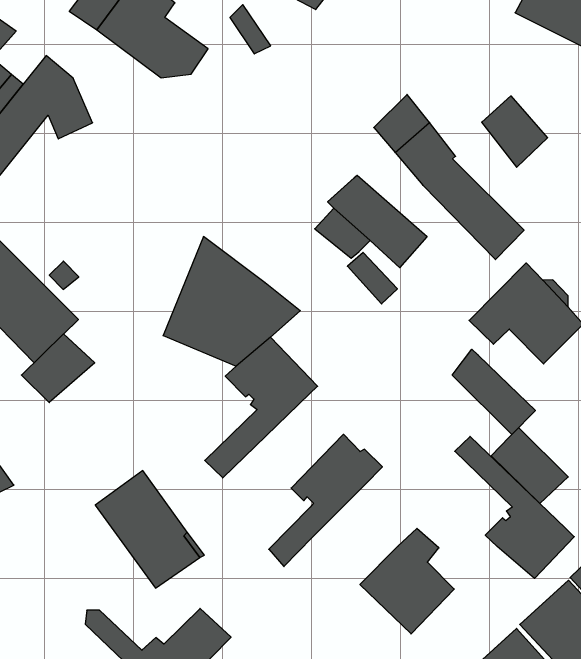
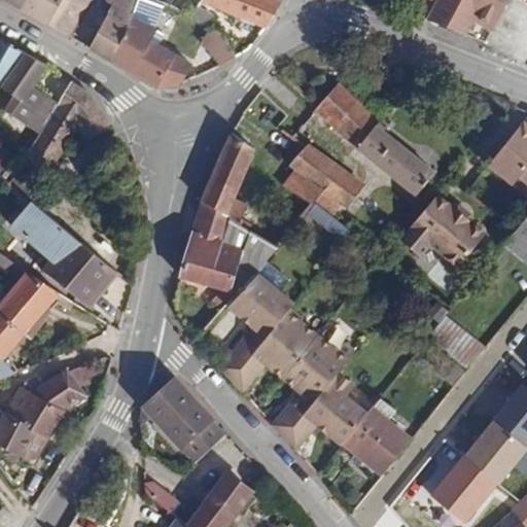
building: [482,96,548,167] -> none
building: none -> [201,133,254,231]
building: [21,334,95,403] -> none
building: [452,349,535,434] -> none
building: none -> [232,308,318,388]
building: [455,436,574,578] -> none
building: none -> [284,370,366,447]

